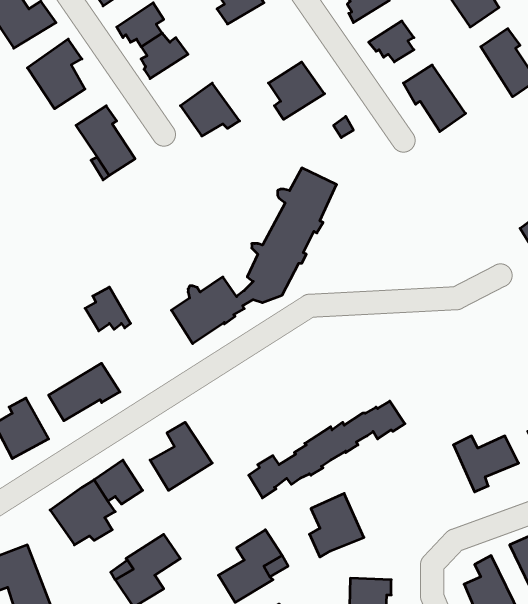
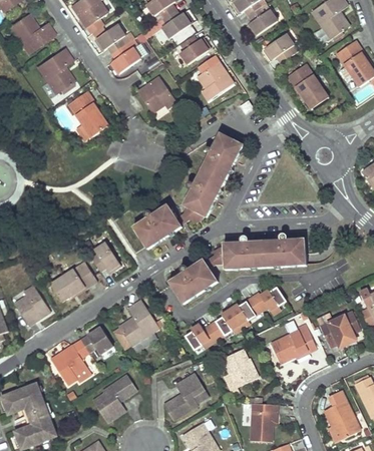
building: none -> [180,36,211,63]
building: [85,287,131,331] -> [91,243,121,272]
building: none -> [167,234,305,304]
building: none -> [269,327,316,364]

